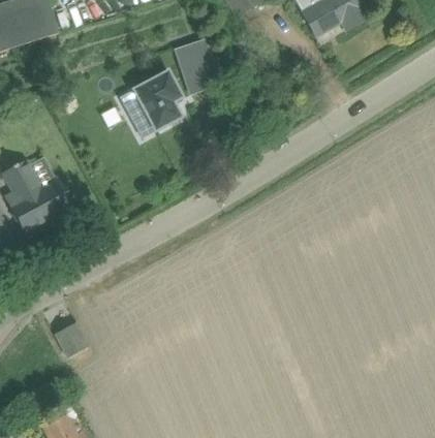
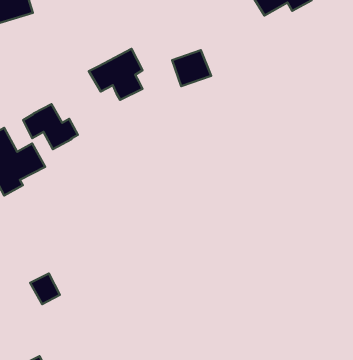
building: [173,38,216,79] -> [172,50,211,86]
building: none -> [23,104,78,149]

